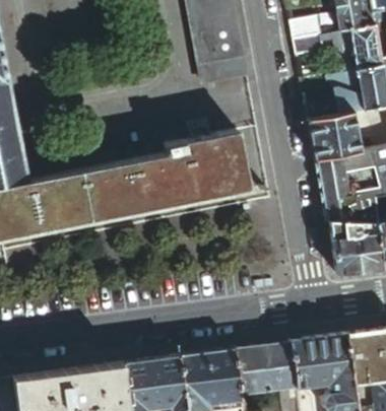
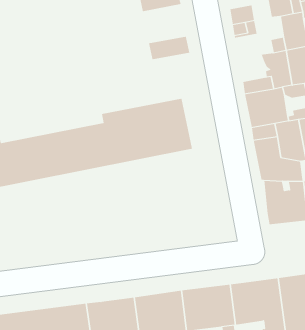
building: [189,18,241,64] -> none

